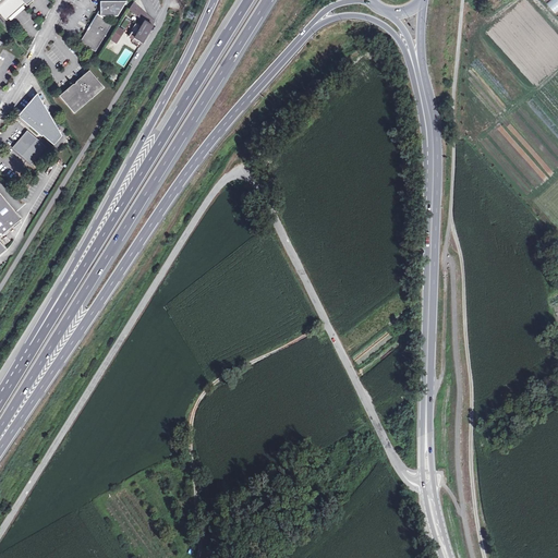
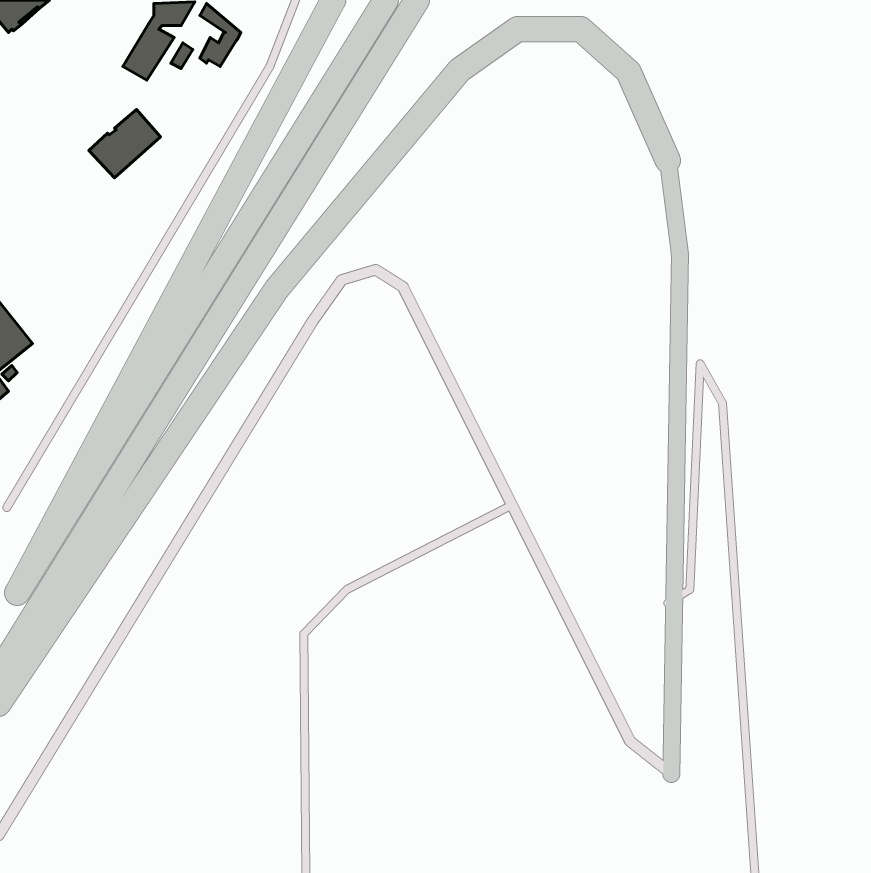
building: [19,100,61,145] -> none
building: [12,131,46,165] -> none

